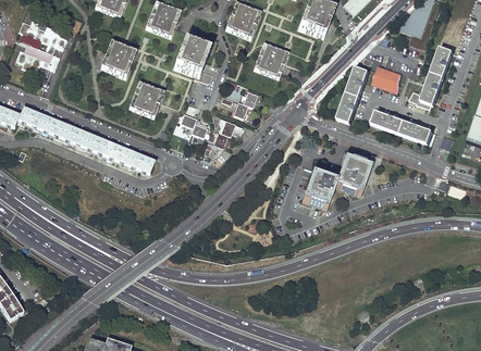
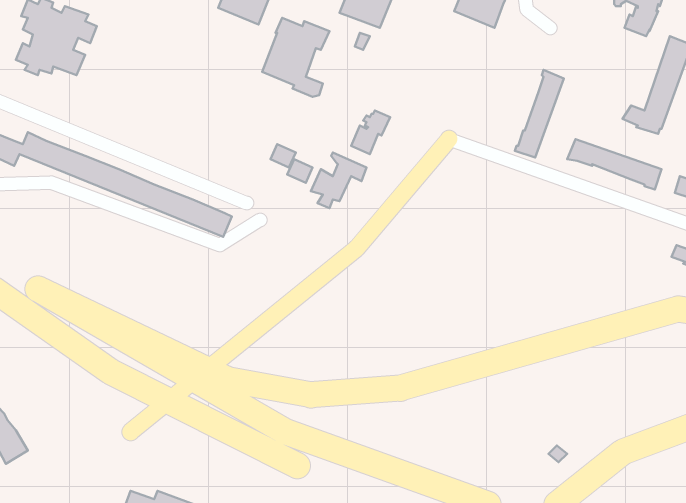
building: [100,42,136,78] -> none
building: [252,43,288,79] -> none
building: [371,64,400,89] -> none
building: [128,84,164,118] -> none
building: [300,158,369,209] -> none

